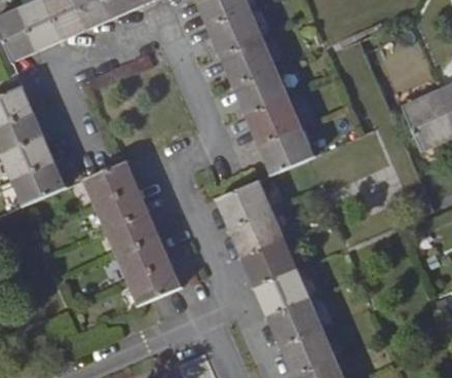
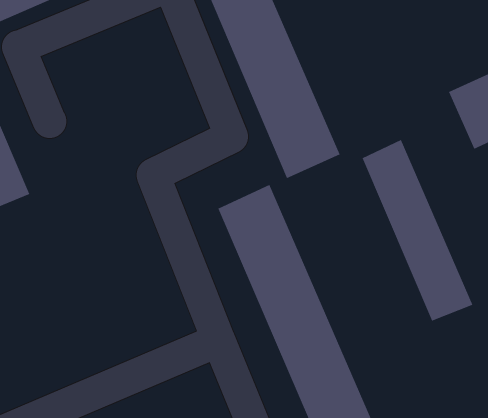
building: none -> [362,139,473,321]
building: [83,160,181,305] -> none

